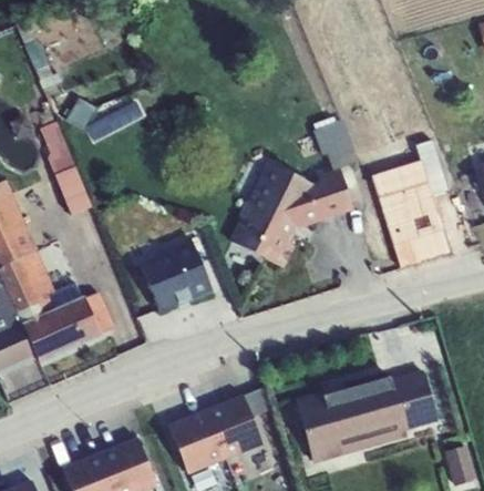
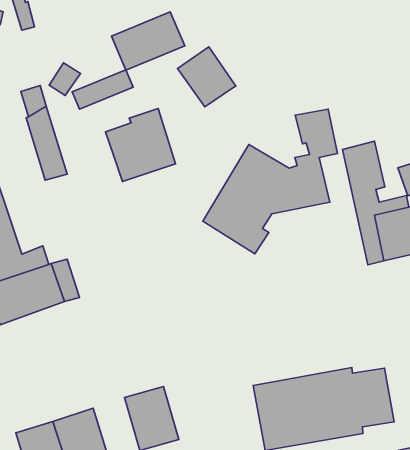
building: none -> [111,12,185,70]
building: none -> [177,47,236,107]
building: [140,236,212,311] -> [106,108,176,181]
building: [206,395,265,460] -> none

